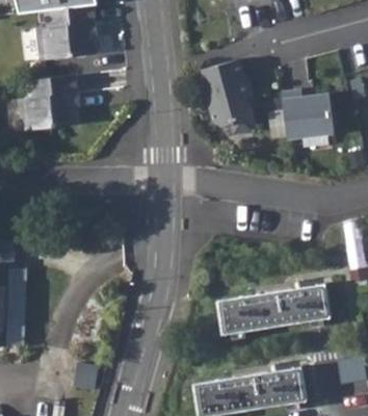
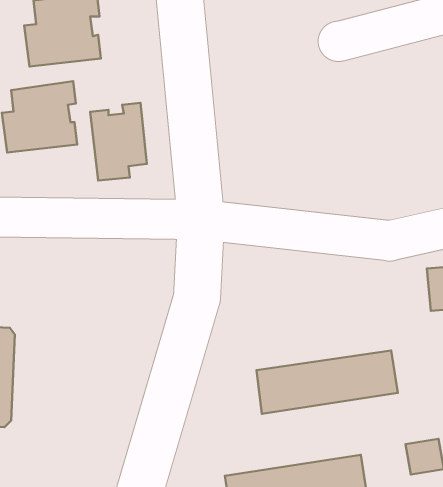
building: [201,62,257,130] -> none
building: none -> [90,103,147,181]
building: [283,96,333,138] -> none

